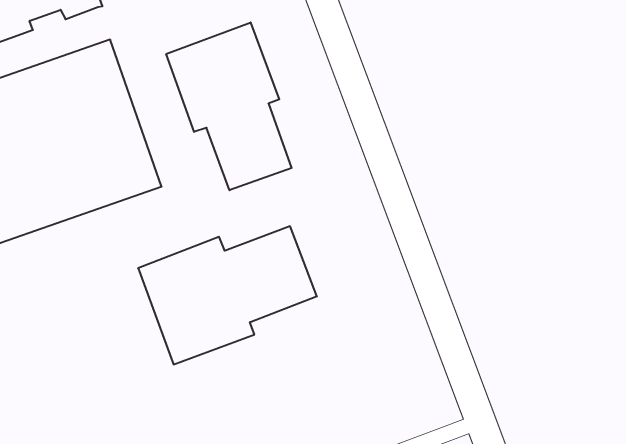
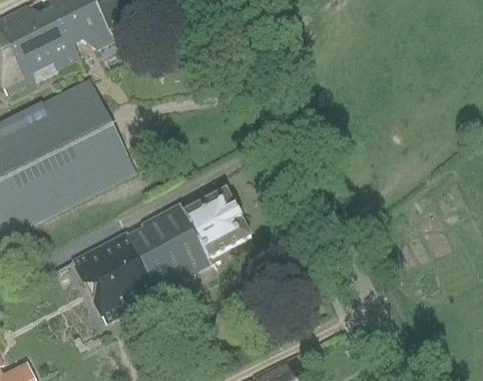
building: [166,22,292,190] -> none
building: none -> [72,231,158,322]

